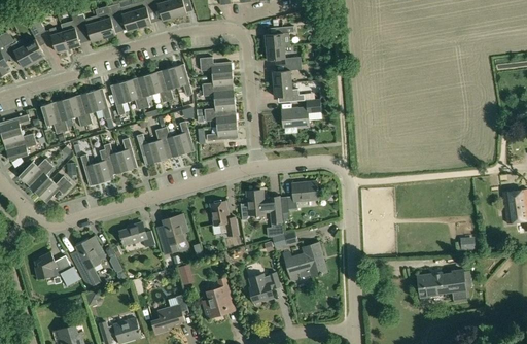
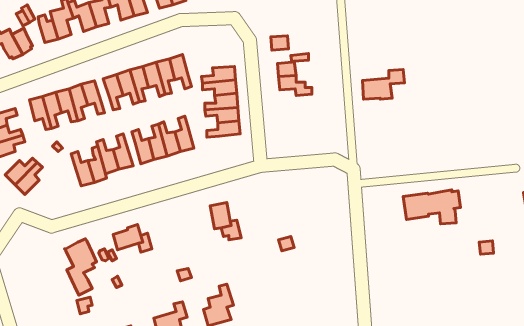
building: [264,27,294,47] -> none
building: [200,58,233,76] -> none
building: [282,100,321,128] -> [362,69,404,99]
building: [37,178,71,204] -> none
building: [287,181,319,210] -> none
building: [241,193,282,233] -> none
building: [160,215,186,255] -> none
building: [284,242,327,280] -> none
building: [35,252,80,286] -> none
building: [418,270,471,302] -> [403,190,461,224]
building: [248,272,281,303] -> none

